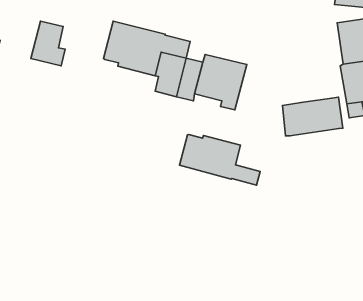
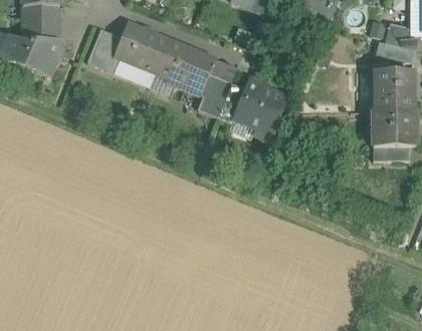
building: none -> [115,21,169,86]
building: [282,97,343,136] -> none
building: [179,135,260,185] -> none

